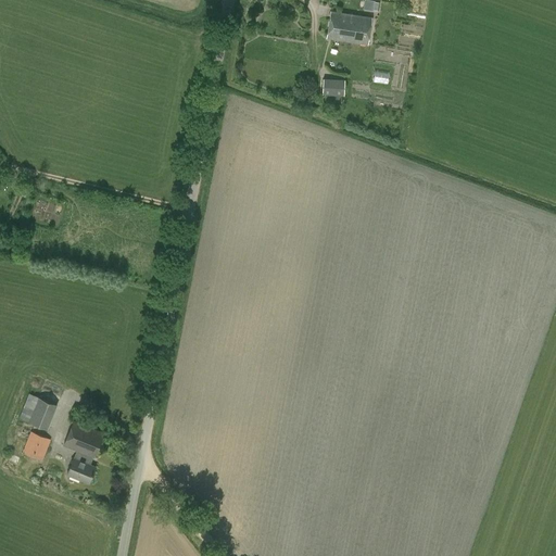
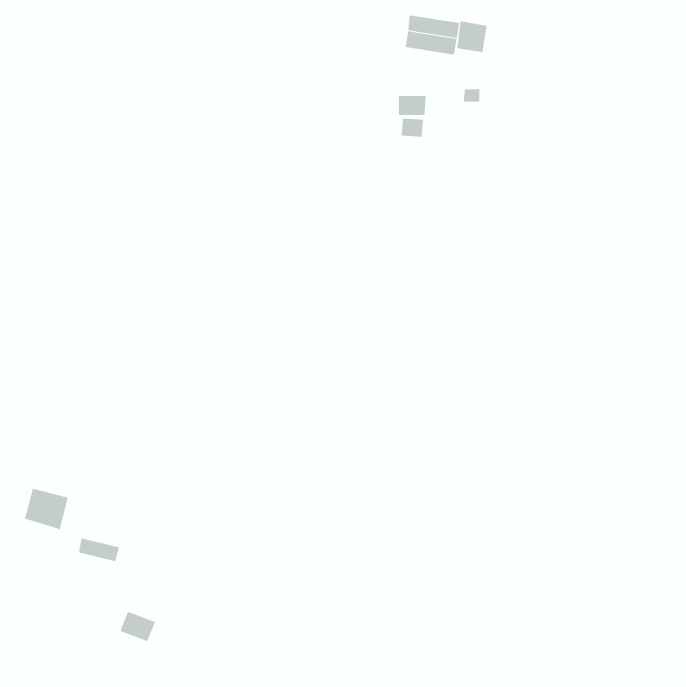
building: none -> [457,21,487,53]
building: [23,431,51,460] -> none
building: [67,458,97,483] -> [120,611,156,642]

